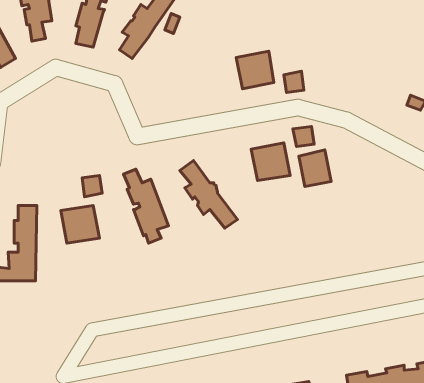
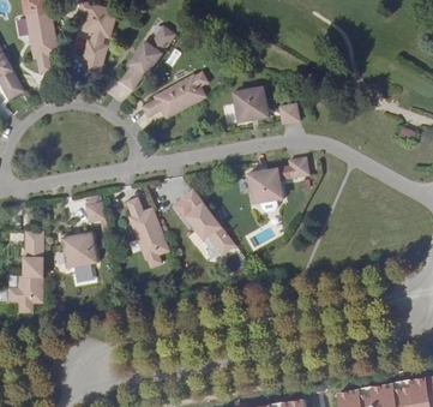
building: none -> [142,71,208,118]
building: [299,150,331,187] -> none

